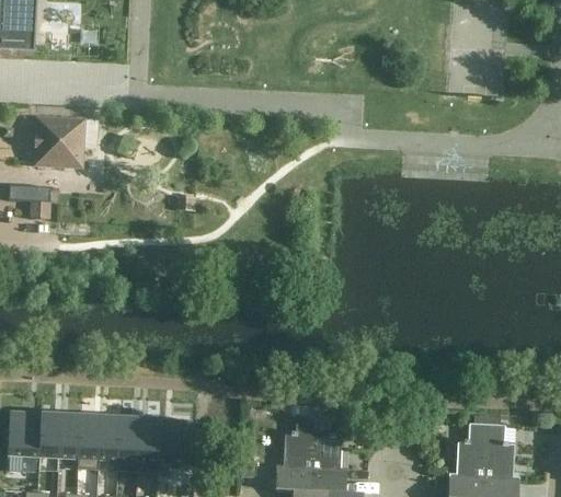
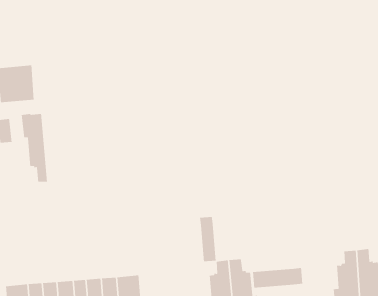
building: none -> [21,113,48,183]
building: none -> [199,216,216,262]
building: none -> [252,267,303,289]

